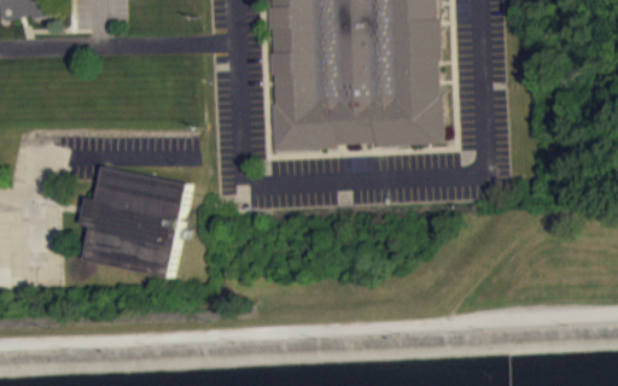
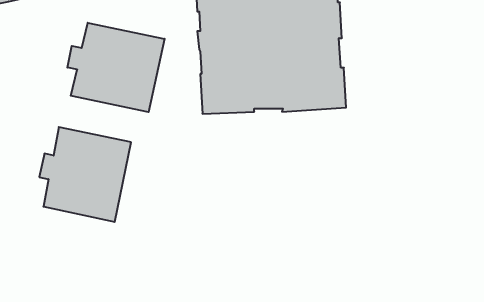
building: none -> [67,23,165,112]

